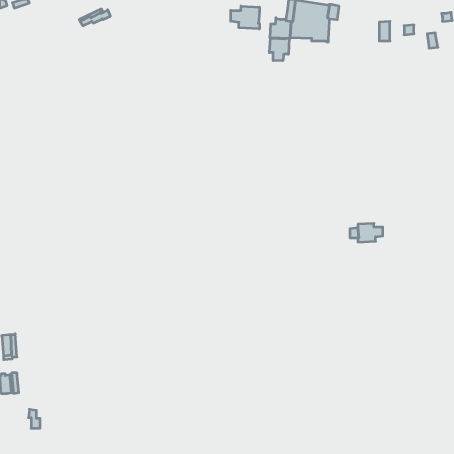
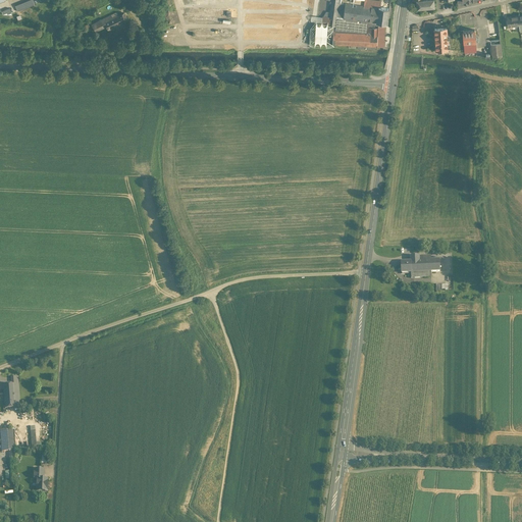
building: [231,6,259,29] -> none
building: [269,38,289,61] -> none

